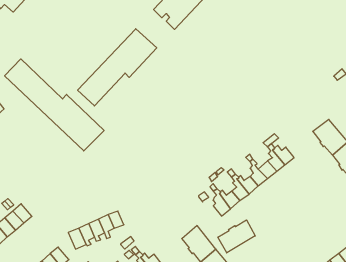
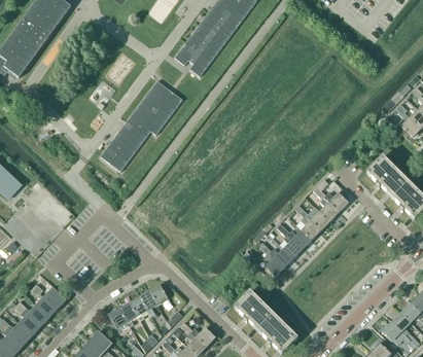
building: [5,59,104,151] -> none
building: [218,220,255,253] -> none

